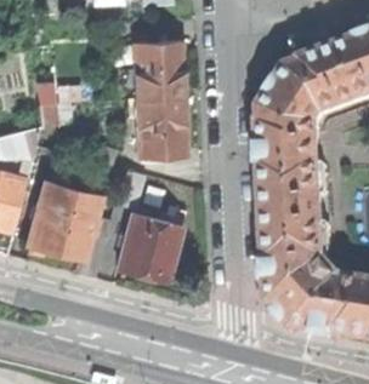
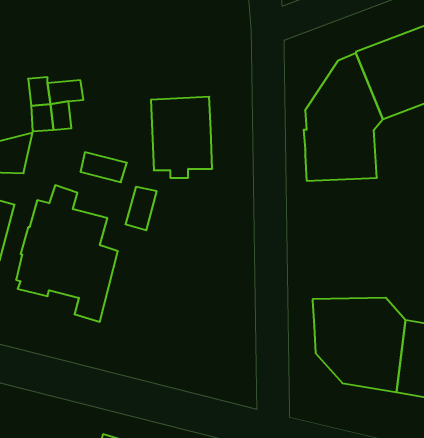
building: [132,31,183,97] -> none
building: [262,160,327,258] -> none
building: [117,206,184,279] -> none

